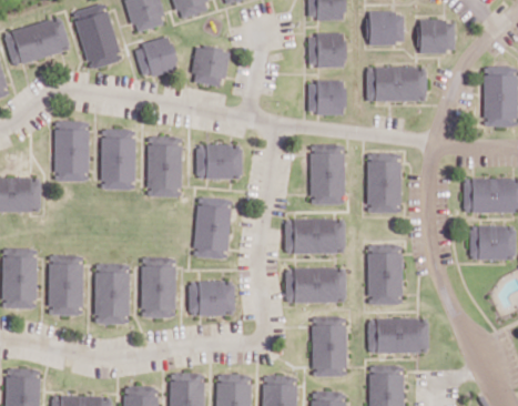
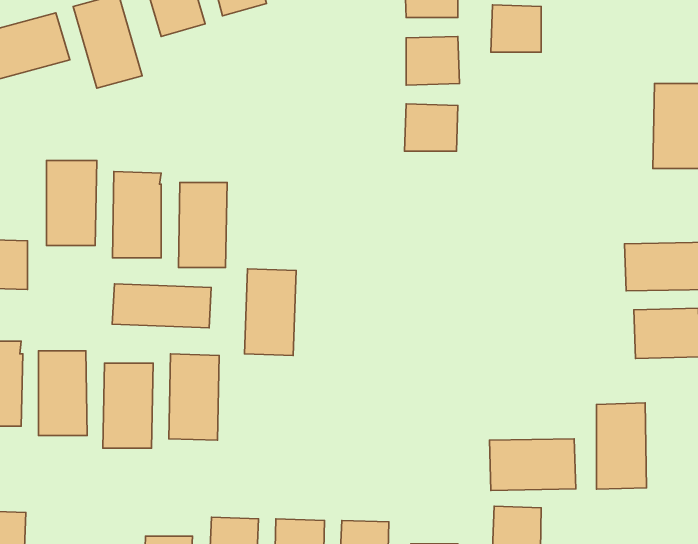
building: [419,20,455,52] -> none
building: [134,37,179,79] -> none
building: [191,45,230,87] -> none
building: [366,67,427,102] -> none
building: [195,144,243,180] -> none
building: [309,144,345,205] -> none
building: [366,153,402,213] -> none
building: none -> [112,284,211,328]
building: [285,219,345,253] -> none
building: [367,244,403,305] -> [596,403,647,489]
building: [285,267,346,303] -> none
building: [189,281,234,316] -> none
building: [312,316,346,377] -> none

